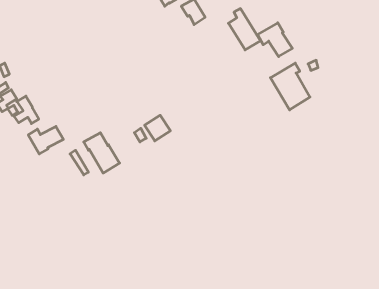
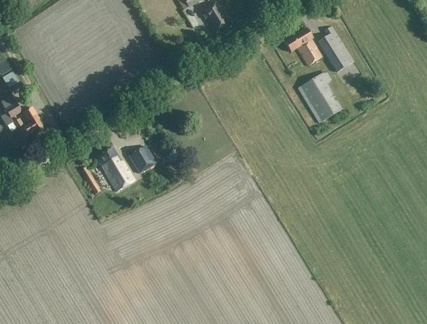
building: [228,9,261,50] -> [317,25,352,70]
building: [145,115,170,141] -> [128,145,156,173]
building: [28,126,63,154] -> none

